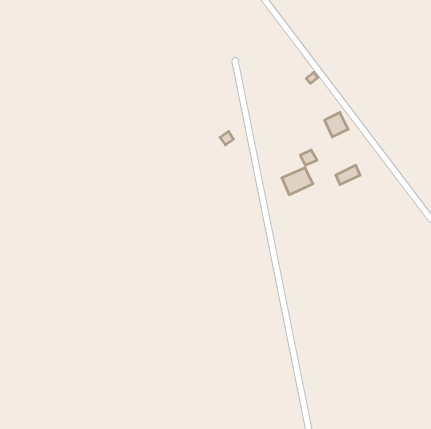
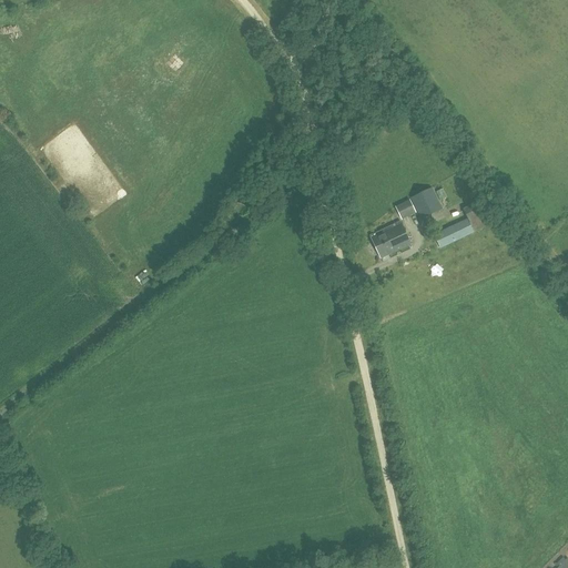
building: [325,112,348,137] -> [412,185,443,217]

